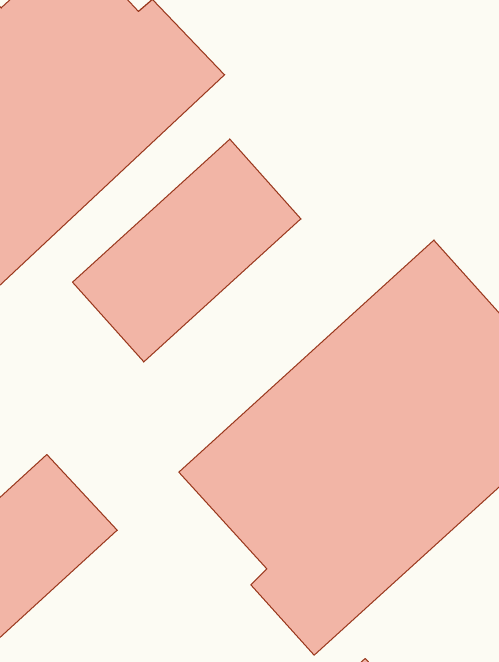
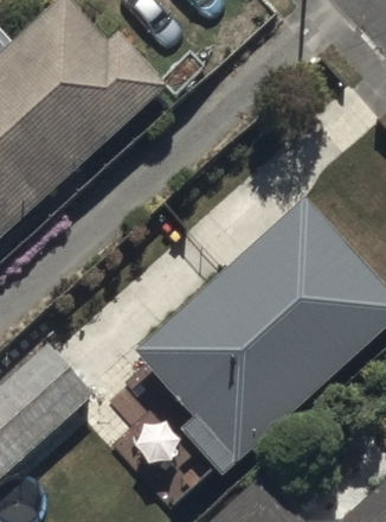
building: [73,139,301,362] -> none

